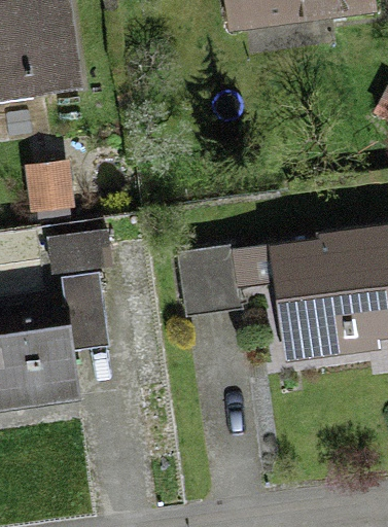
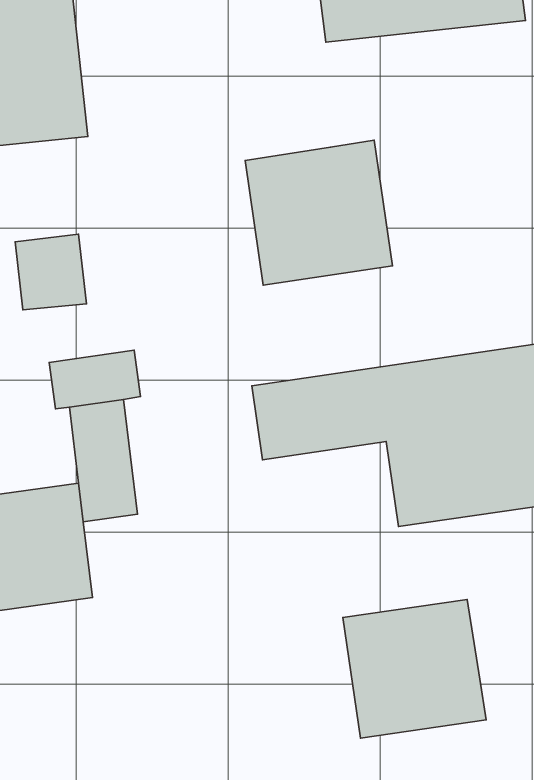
building: none -> [245,140,392,285]
building: none -> [343,599,486,738]

